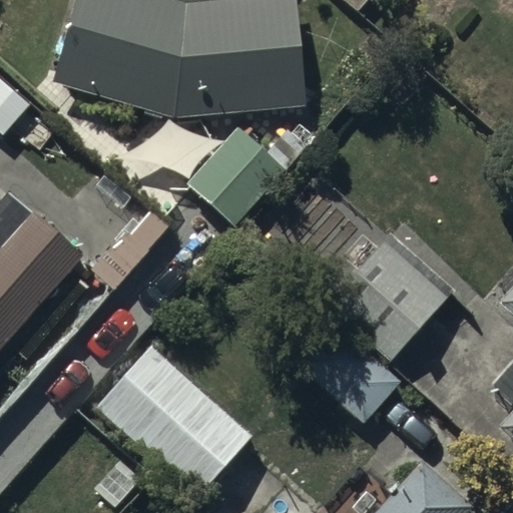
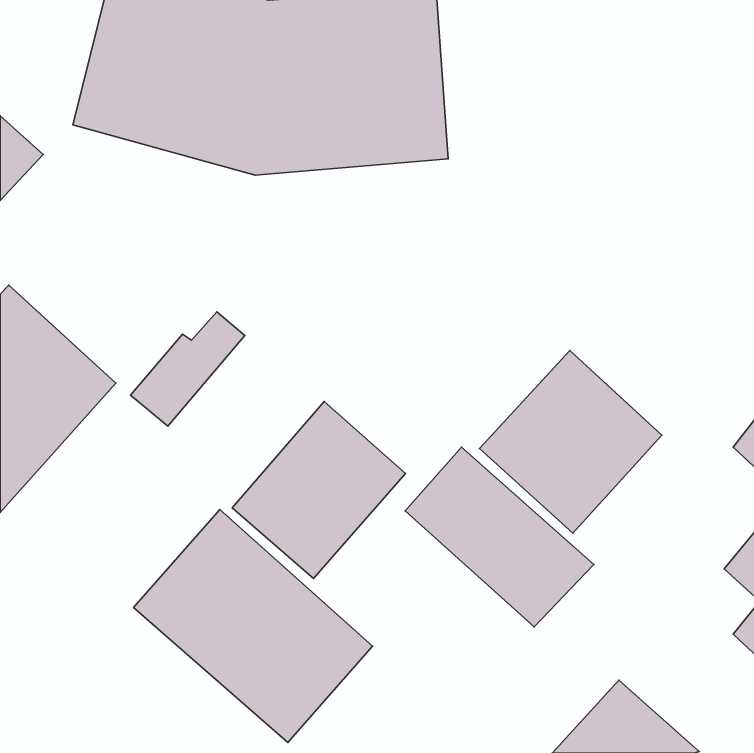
building: [186,124,290,228] -> none
building: none -> [232,402,406,578]

